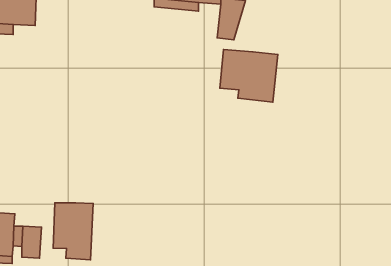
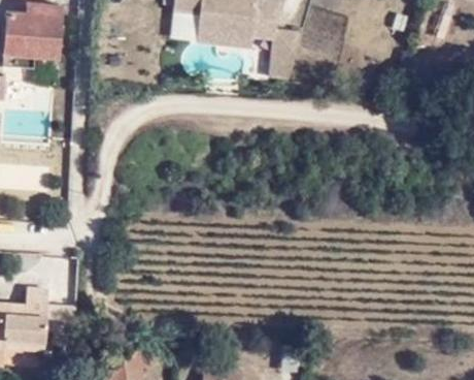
building: [220,50,278,102] -> none
building: [53,203,93,260] -> none

